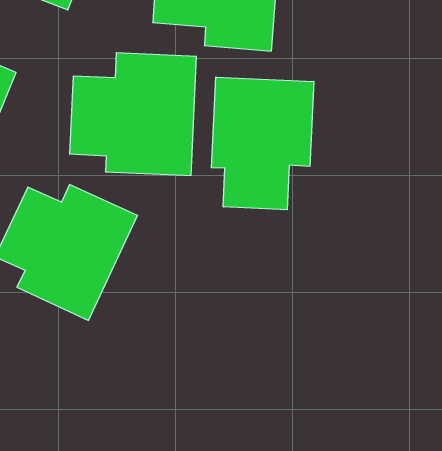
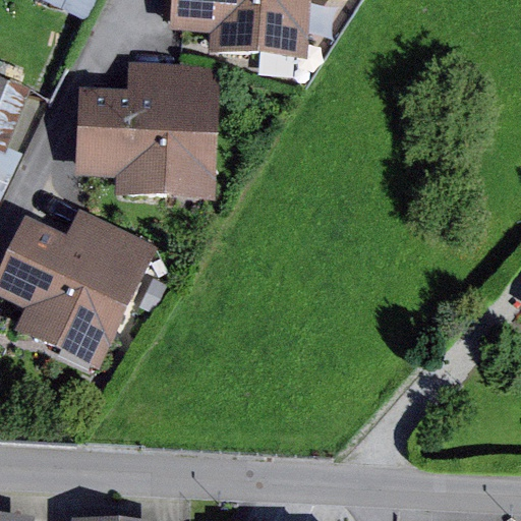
building: [212,77,314,210] -> none

